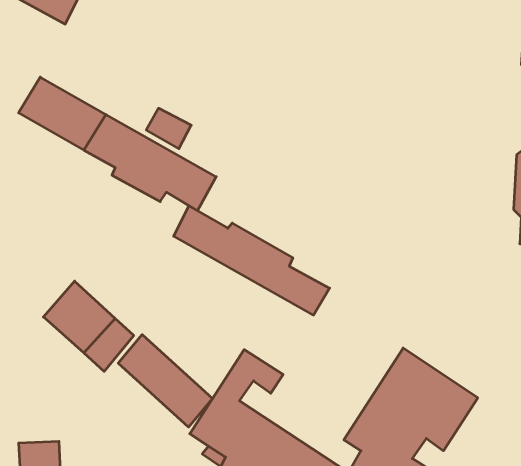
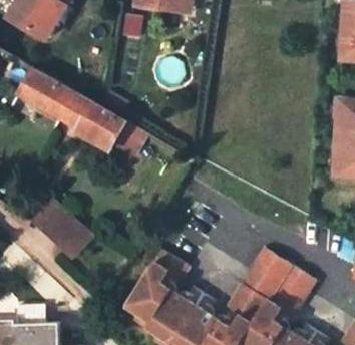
building: [174,206,330,315] -> none
building: [118,335,213,427] -> none

